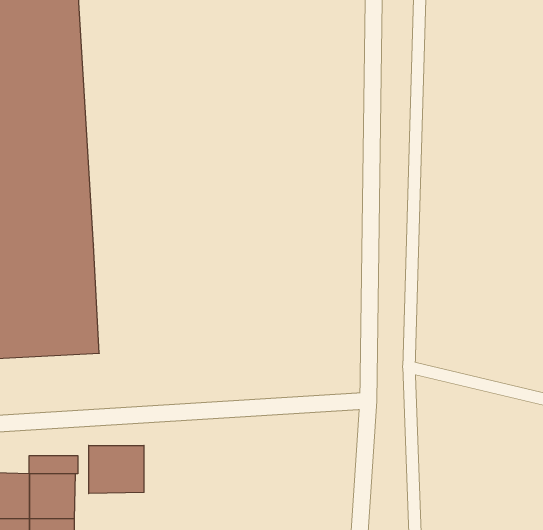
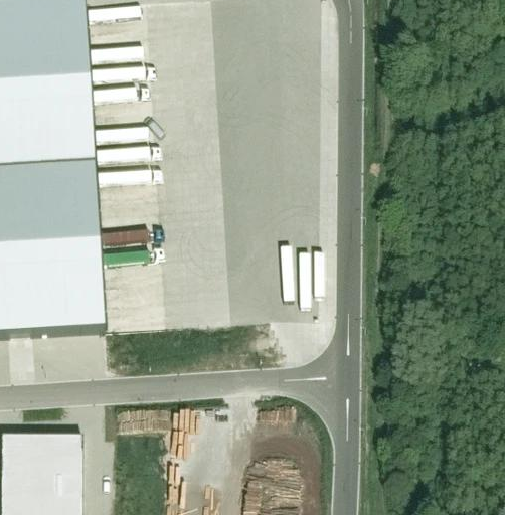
building: [89,445,144,494] -> none
building: [29,456,78,474] -> none

